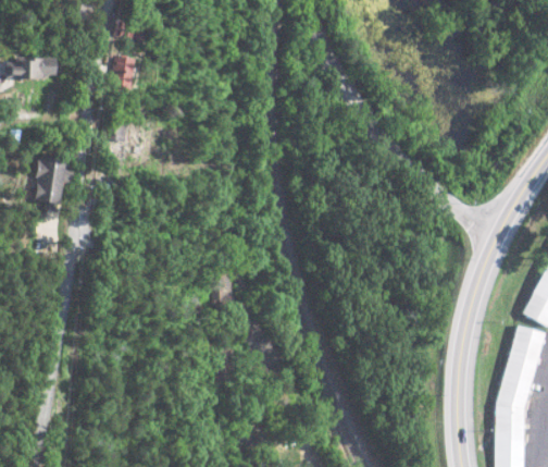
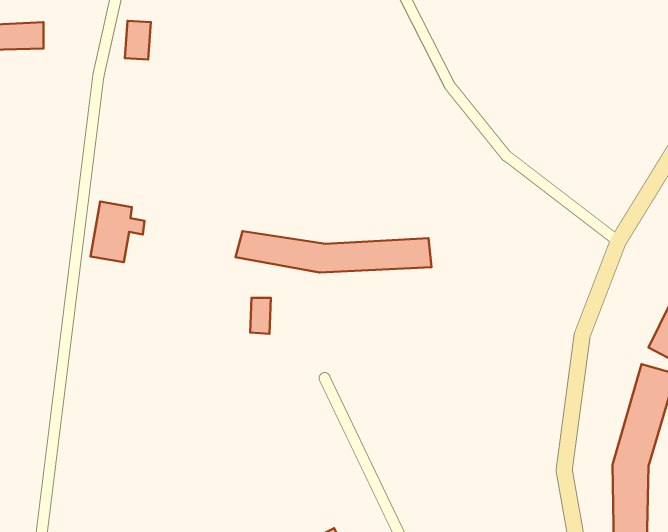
building: [28,156,71,204] -> [91,201,144,262]
building: none -> [235,231,432,272]

